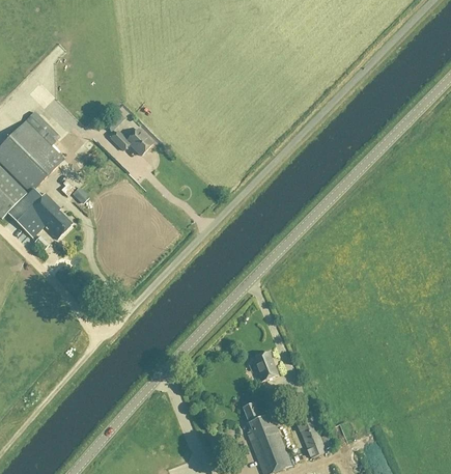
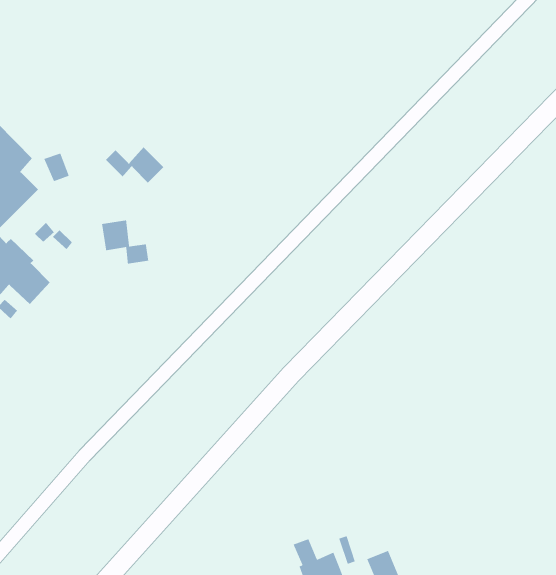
building: none -> [101,219,149,264]
building: [251,352,277,381] -> none

